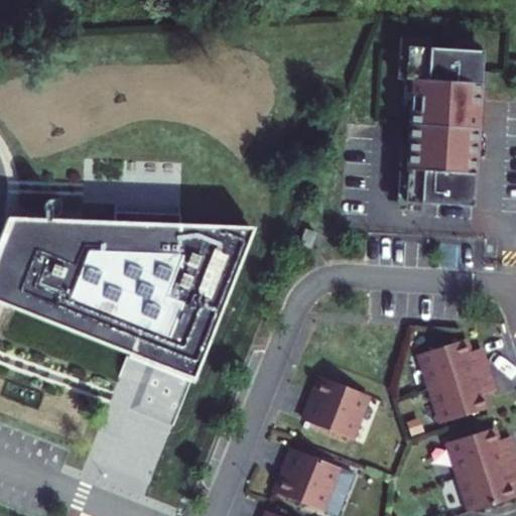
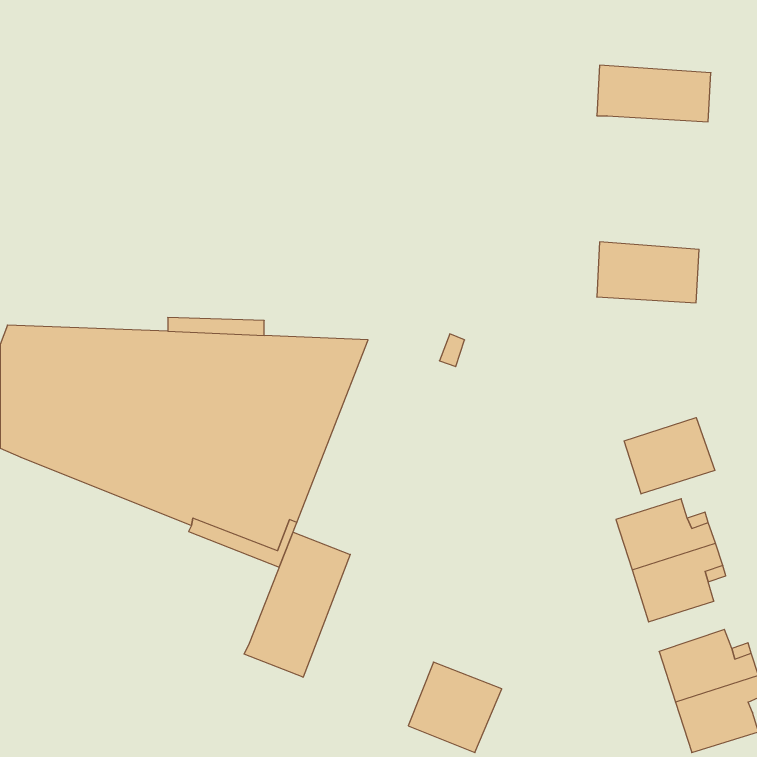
building: [408,79,482,169] -> none
building: none -> [624,418,715,494]
building: none -> [244,532,350,677]
building: [305,376,369,438] -> none

